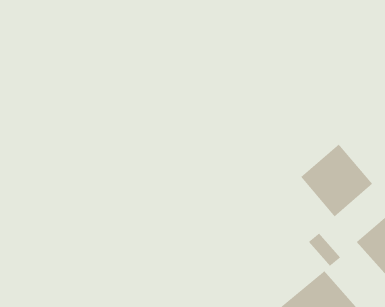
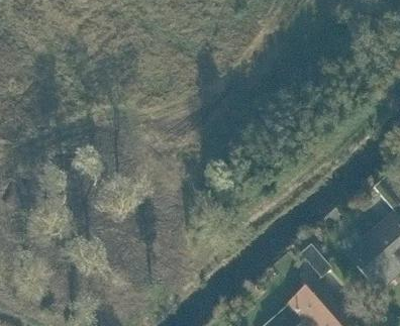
building: [300,143,373,217] -> none

